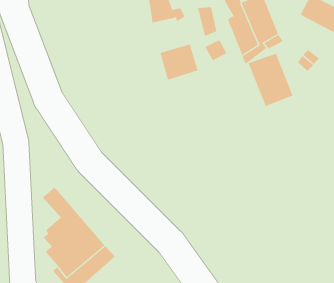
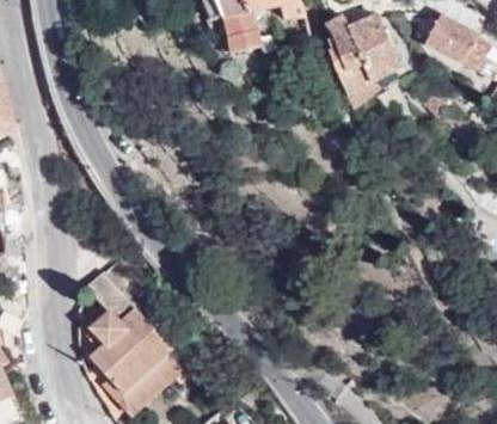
building: [160,44,198,80] -> none
building: [248,53,293,107] -> none

